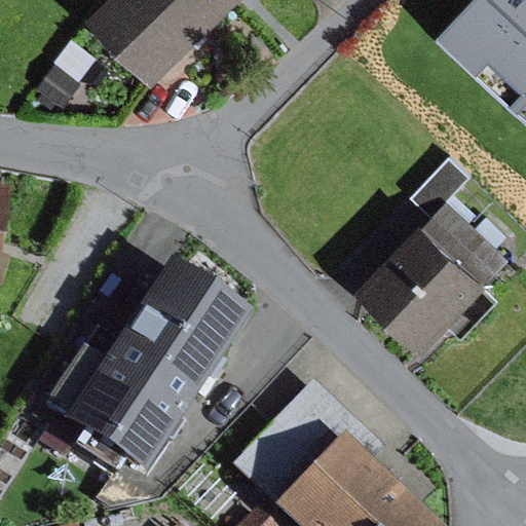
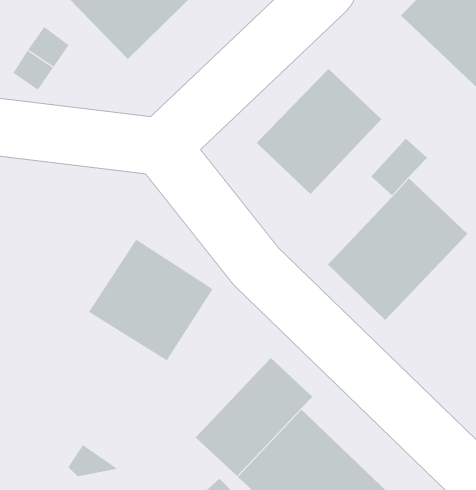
building: none -> [256,68,382,195]
building: [46,336,202,476] -> none

